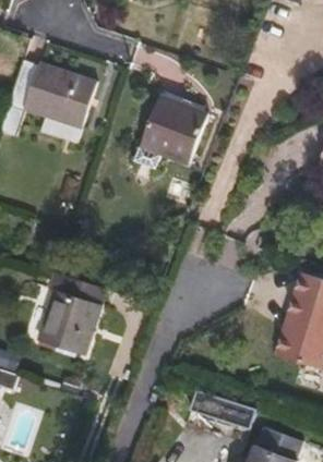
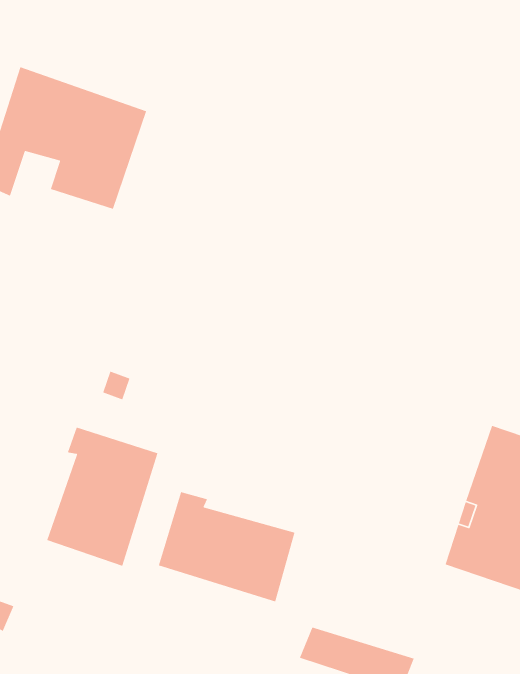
building: [143,99,208,167] -> none
building: none -> [158,491,295,602]

